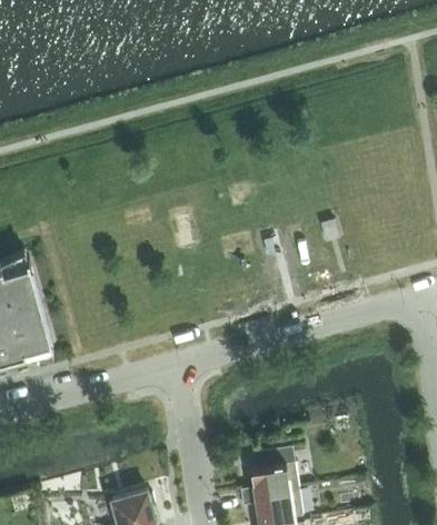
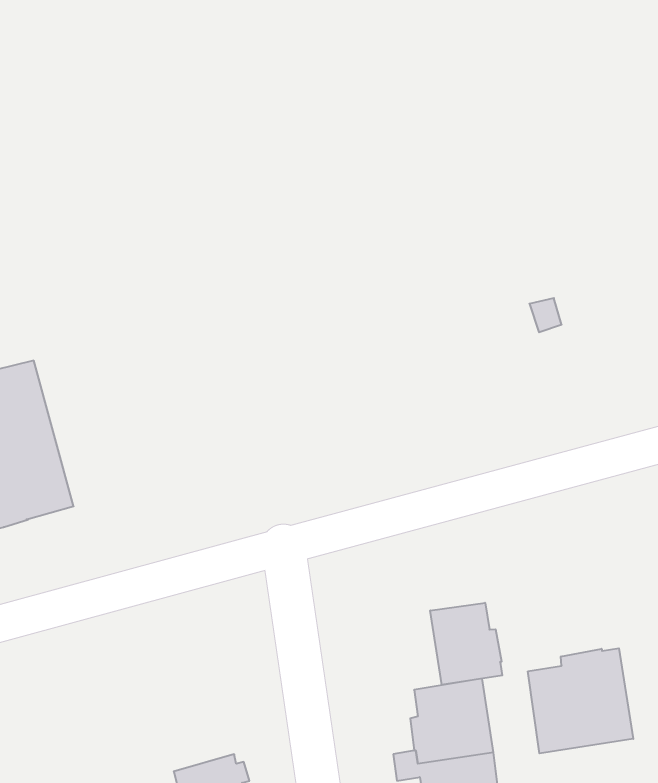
building: none -> [430,603,502,685]
building: none -> [528,648,633,753]

